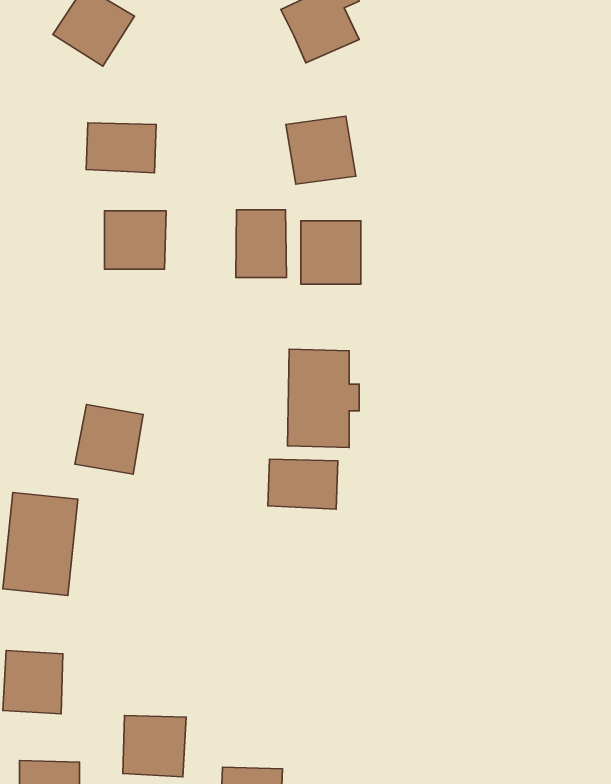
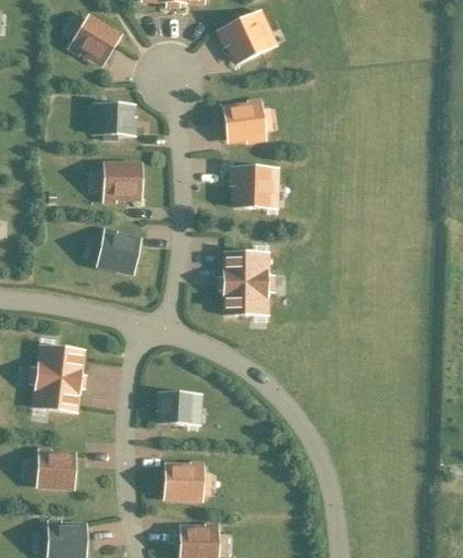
building: [236,210,286,277] -> none
building: [75,404,143,474] -> [96,230,141,276]
building: [268,459,338,509] -> [157,392,203,425]
building: [123,715,186,777] -> [163,462,205,502]

